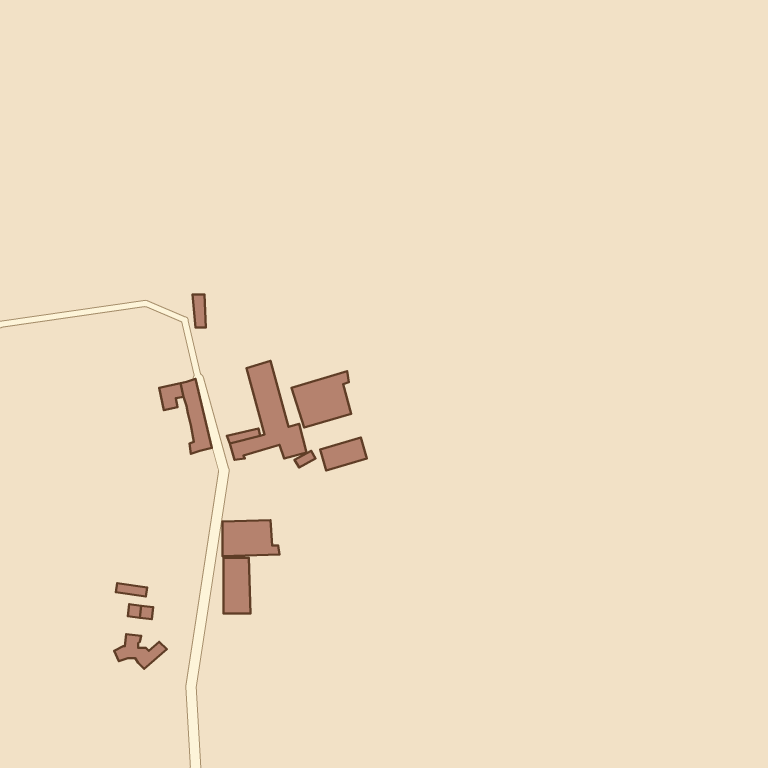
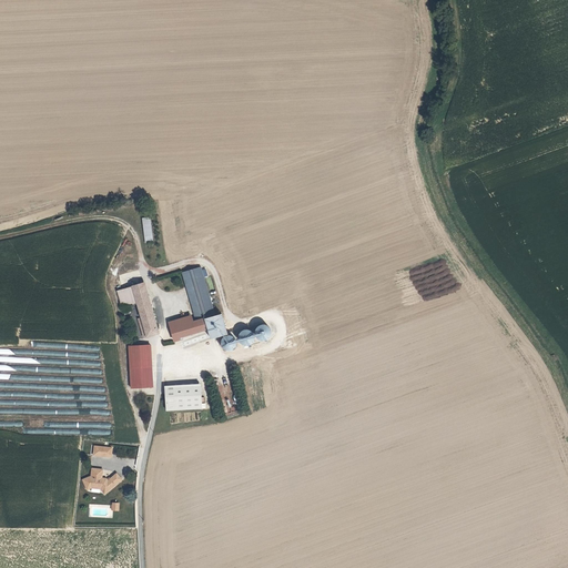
building: [291,371,351,428] -> none
building: [223,558,250,614] -> [128,344,148,385]

